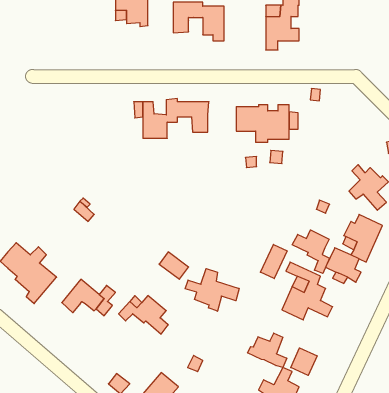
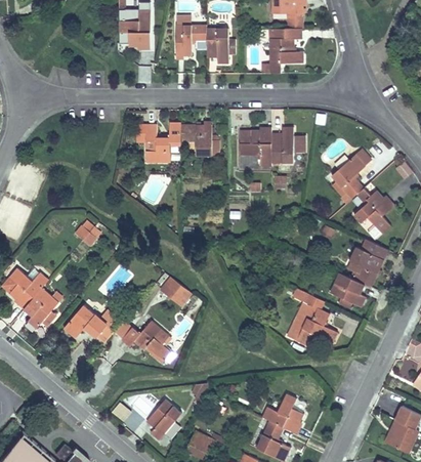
building: none -> [331,155,365,204]
building: [292,230,330,273] -> none
building: [260,244,287,279] -> none
building: [185,269,239,311] -> none
building: [248,333,287,368] -> none
building: [291,348,317,375] -> none

